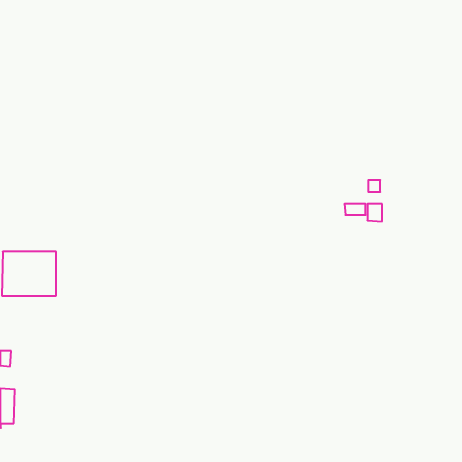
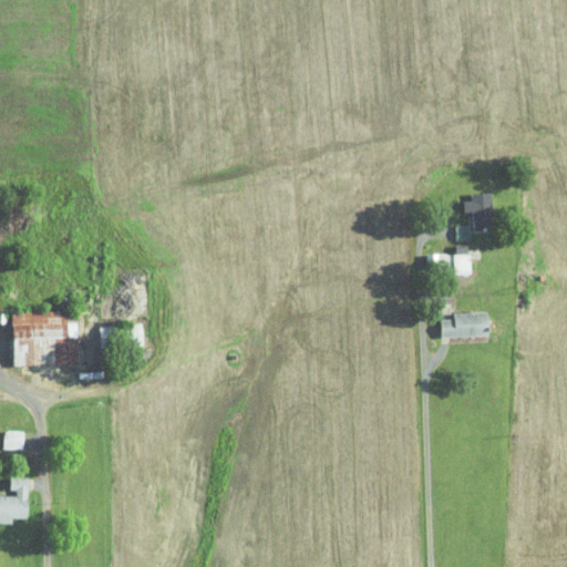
building: none -> [470,194,491,228]
building: none -> [439,312,487,338]

